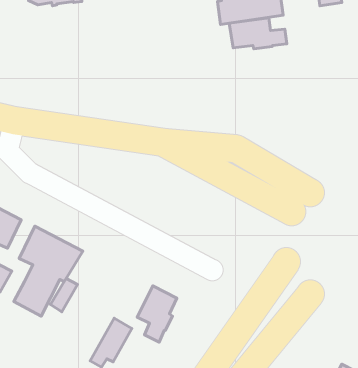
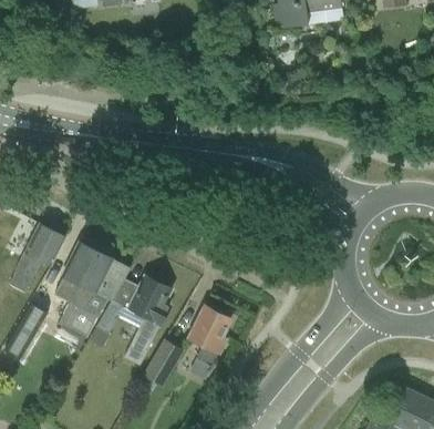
building: [229,18,287,49] -> none
building: none -> [124,275,171,364]

